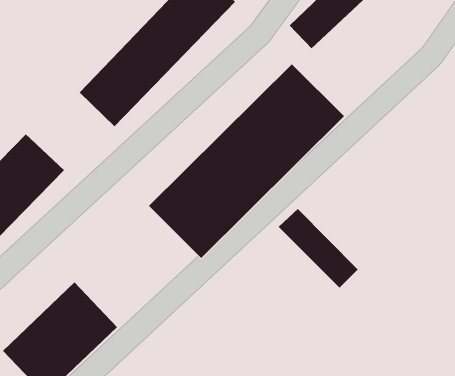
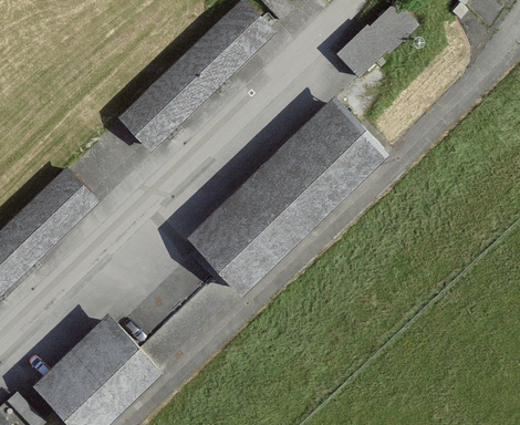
building: [278,208,358,288] -> none

